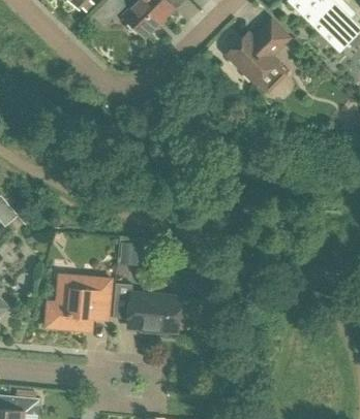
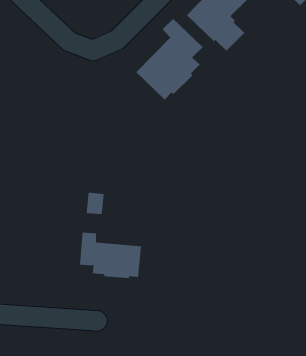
building: none -> [136,18,203,100]
building: [43,275,111,333] -> none

